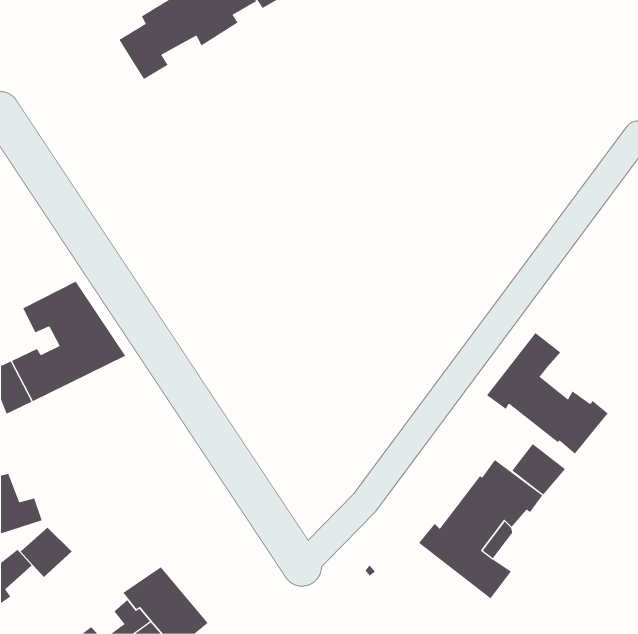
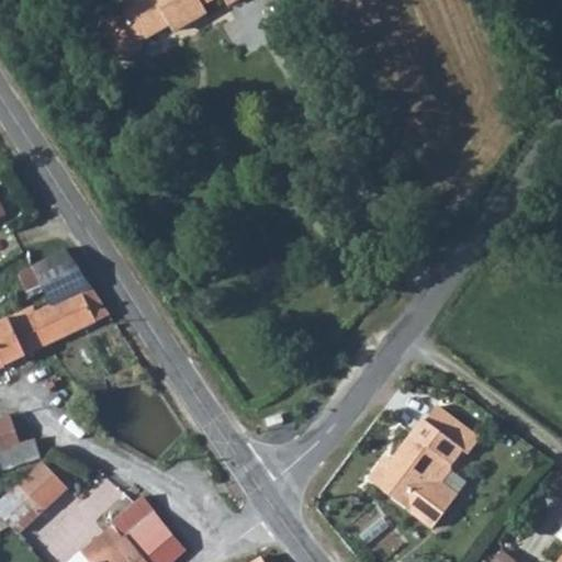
building: [486,332,608,454] -> none
building: [511,443,566,495] -> none

